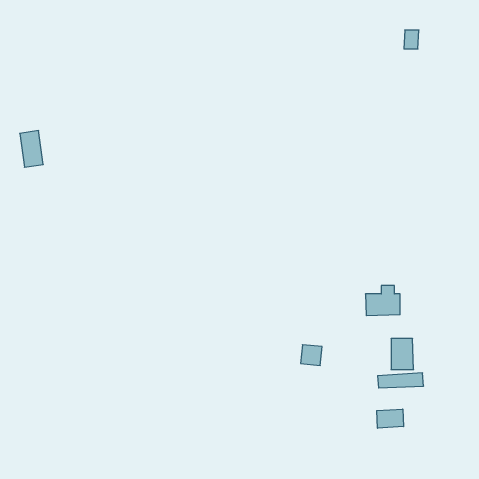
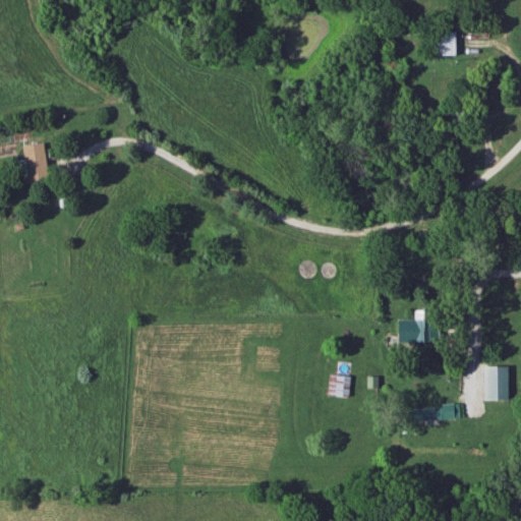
building: [391,339,414,370] -> [483,366,508,400]
building: [377,409,404,428] -> none

